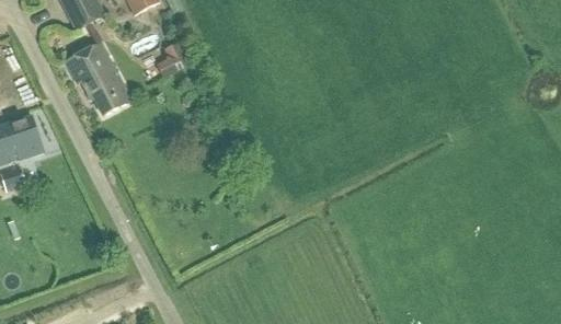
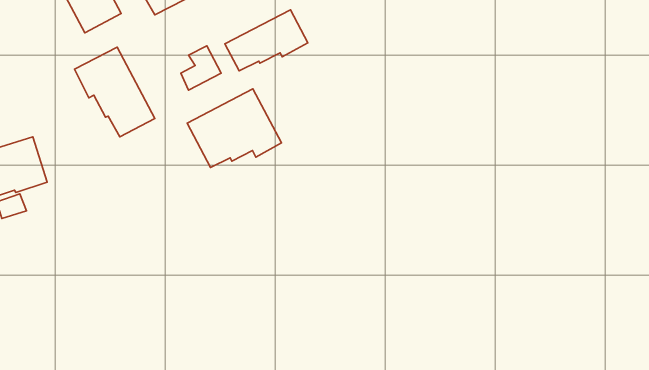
building: none -> [225,10,308,71]
building: none -> [187,89,282,167]

